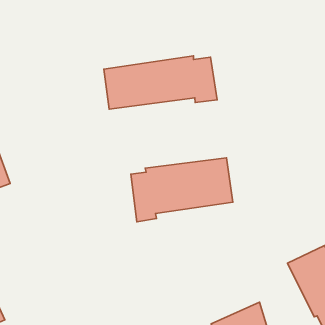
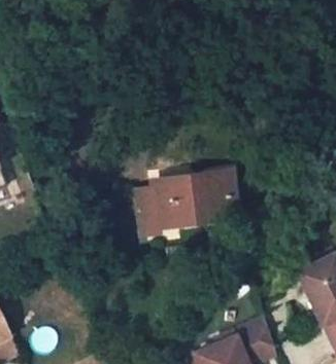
building: [104,56,217,109] -> none

